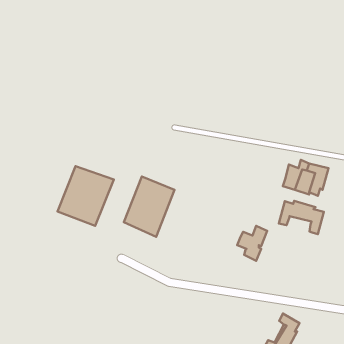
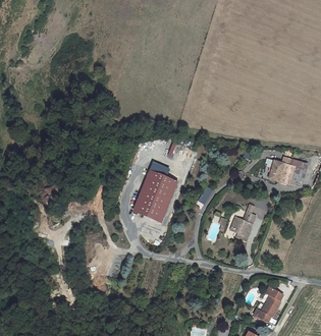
building: [58,166,114,226] -> none
building: [279,201,324,234] -> none

